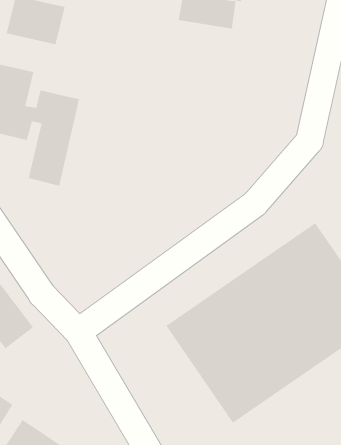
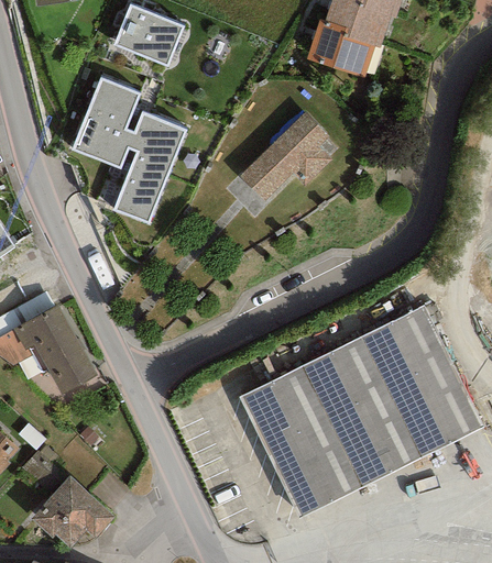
building: none -> [239,111,331,202]

